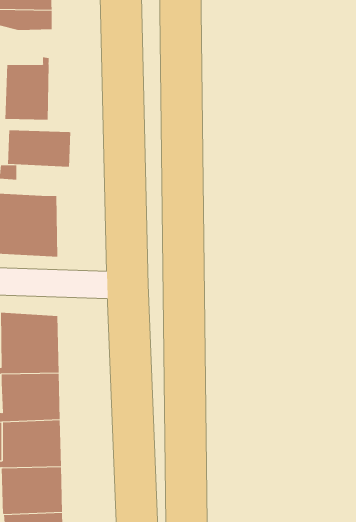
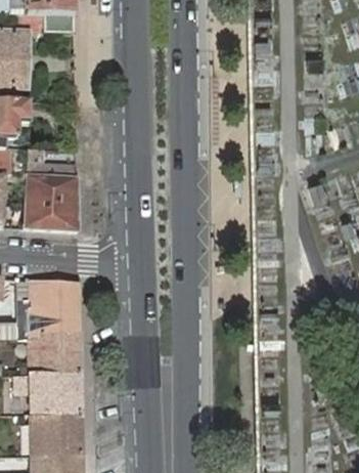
building: [5,56,49,120] -> none
building: [8,129,71,168] -> none

